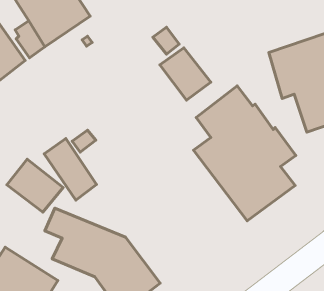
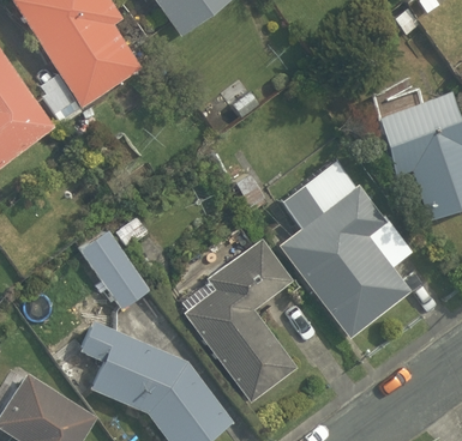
building: [160,48,211,100] -> none
building: none -> [181,238,298,403]
building: [7,159,63,212] -> none

